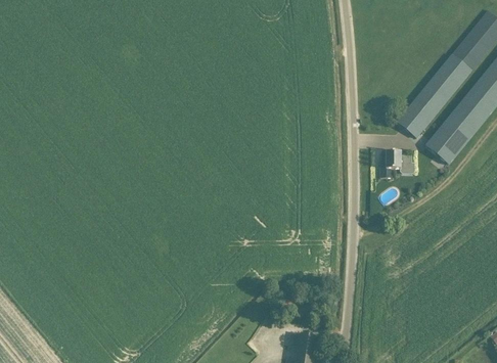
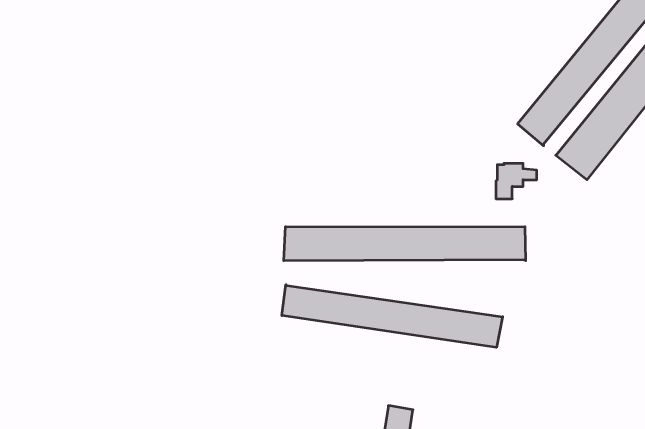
building: none -> [284,227,526,261]
building: none -> [282,285,503,347]

